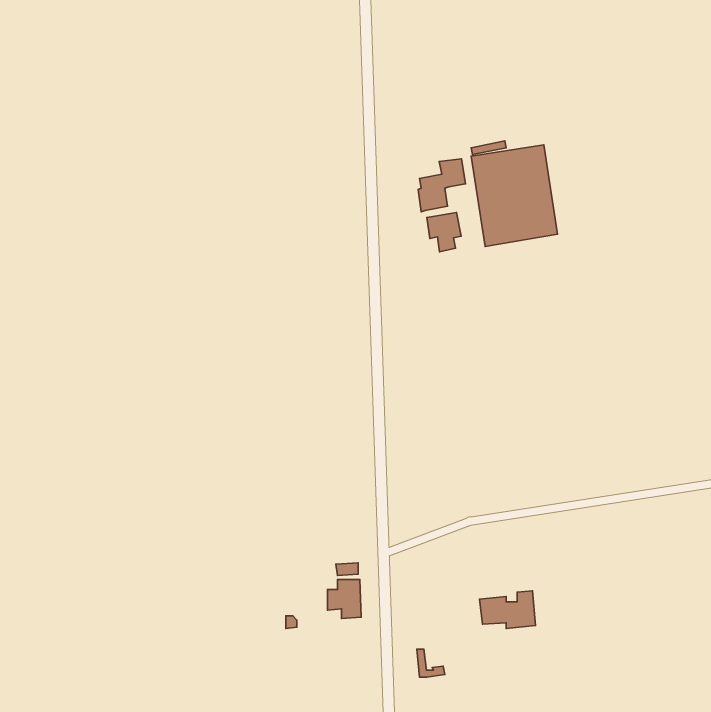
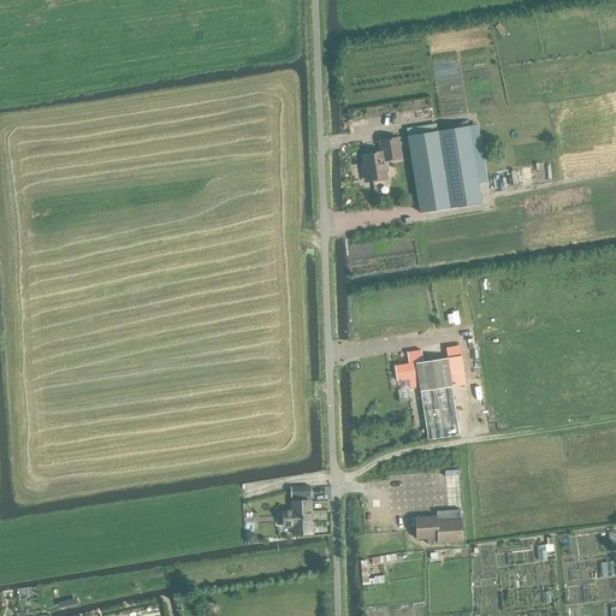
building: [427,212,461,252] -> none
building: none -> [395,349,467,439]

